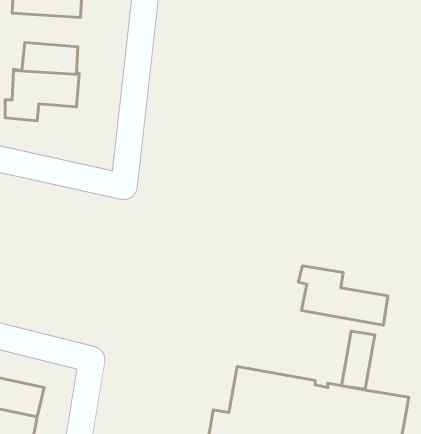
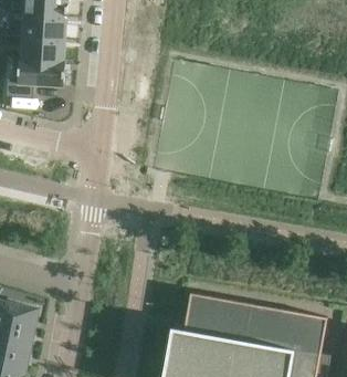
building: none -> [12,12,66,39]
building: [298,266,388,325] -> none
building: [341,331,375,389] -> none

